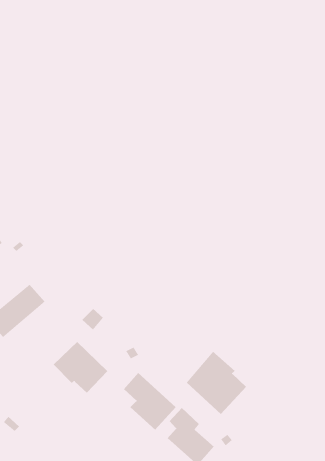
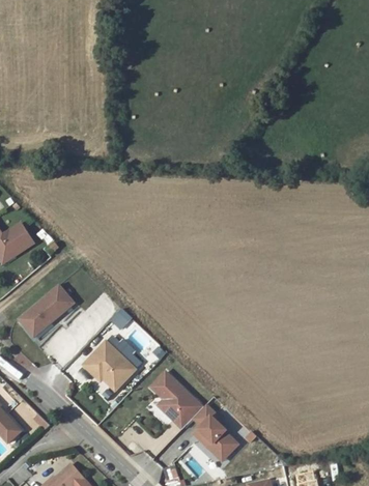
building: [186,351,247,415] -> none

